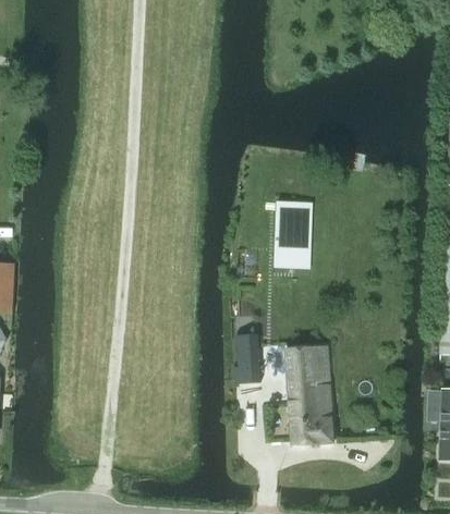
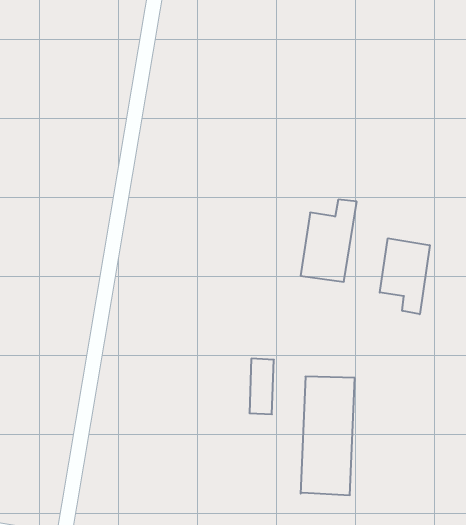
building: none -> [380,238,430,314]

